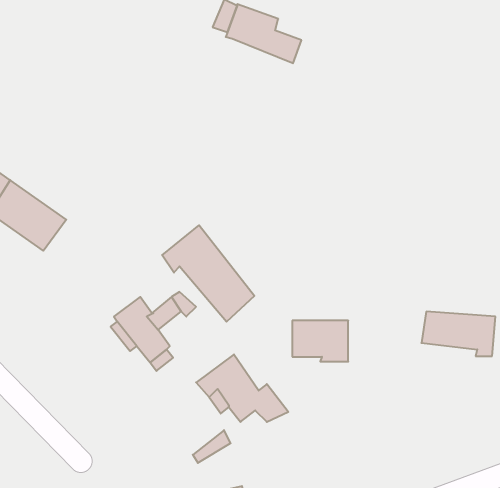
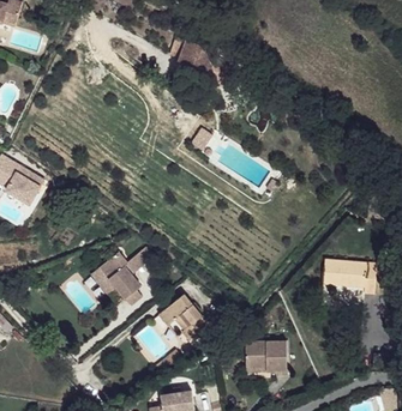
building: [162,225,254,322] -> none
building: [292,321,348,362] -> [246,339,287,369]

